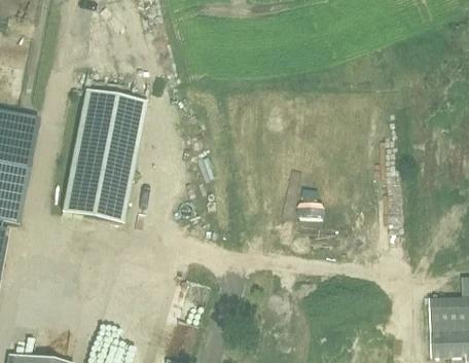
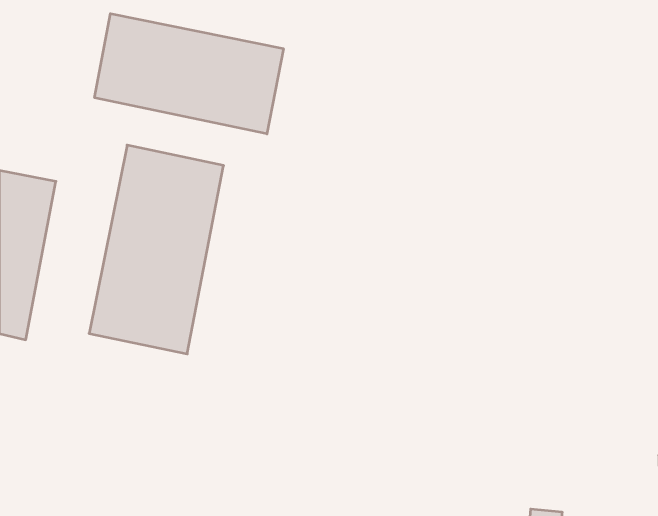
building: none -> [95,14,283,134]

